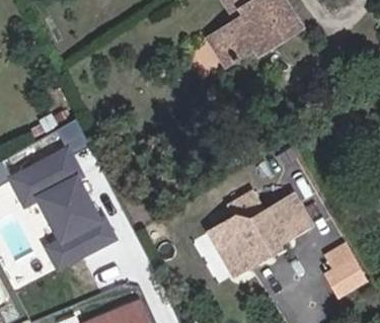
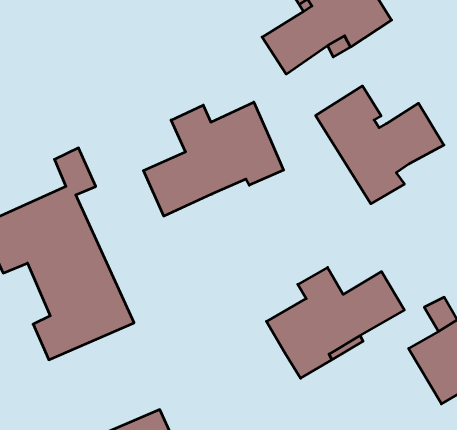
building: none -> [316,86,444,204]
building: none -> [143,102,284,216]

